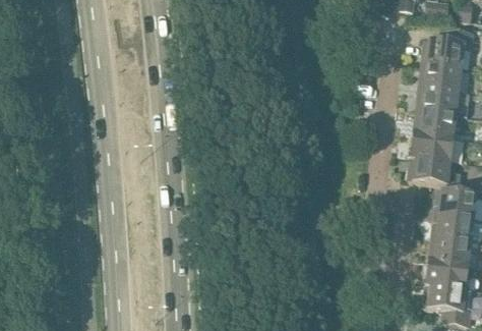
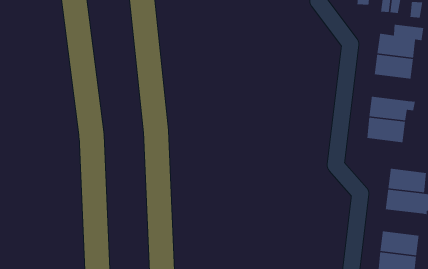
building: [416,86,461,114] -> none
building: [408,157,459,186] -> none
building: [428,236,473,265] -> none

